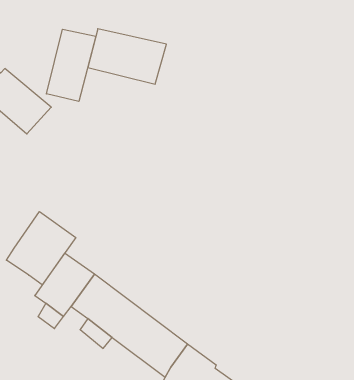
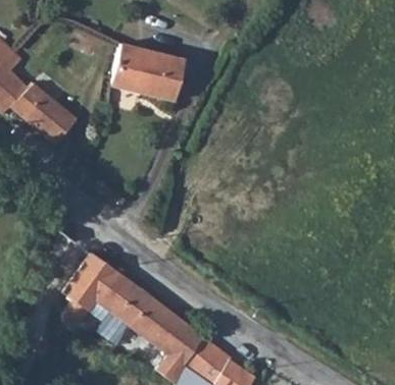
building: [46,29,96,101] -> none
building: [6,212,76,285] -> none

